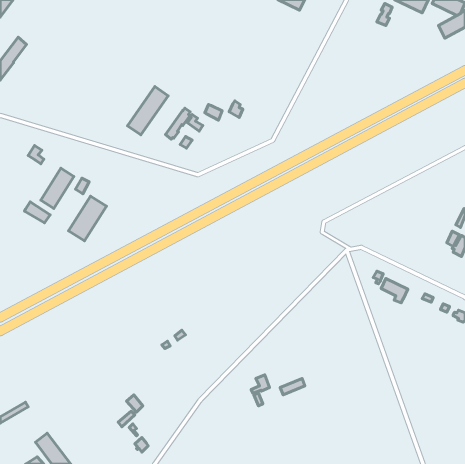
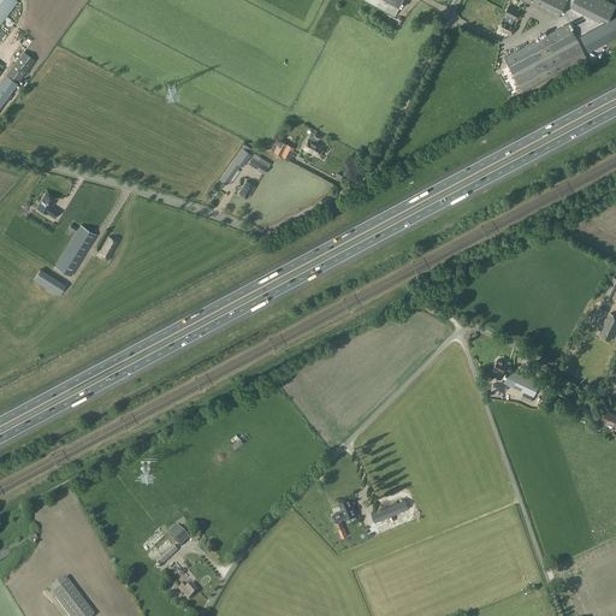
building: none -> [504,22,587,91]
building: [127,87,168,135] -> none
building: [69,196,106,241] -> none

